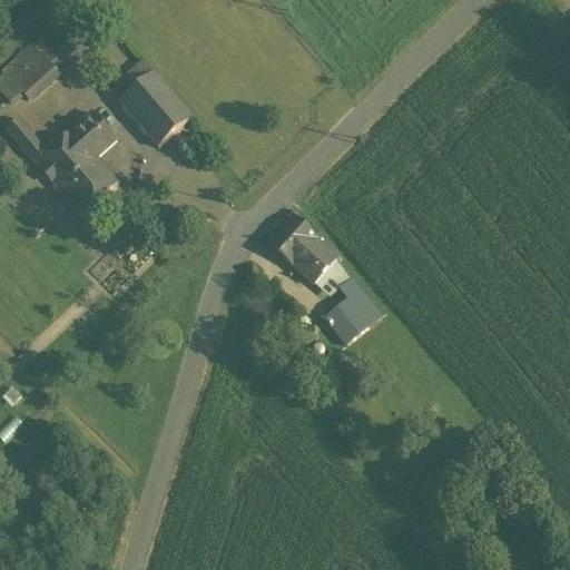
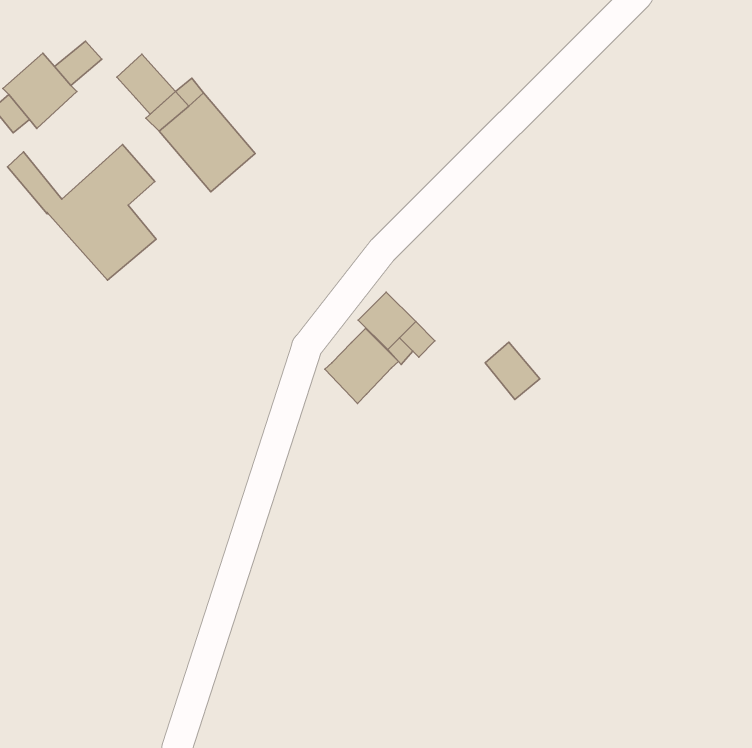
building: none -> [117,54,175,114]
building: none -> [325,328,398,404]
building: [333,294,374,337] -> [485,342,540,400]

